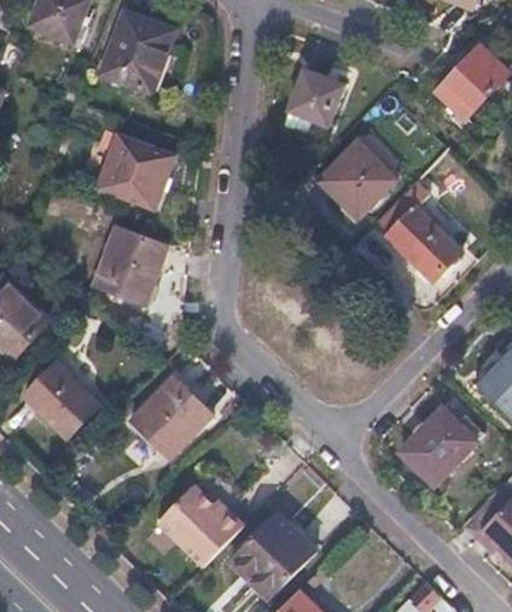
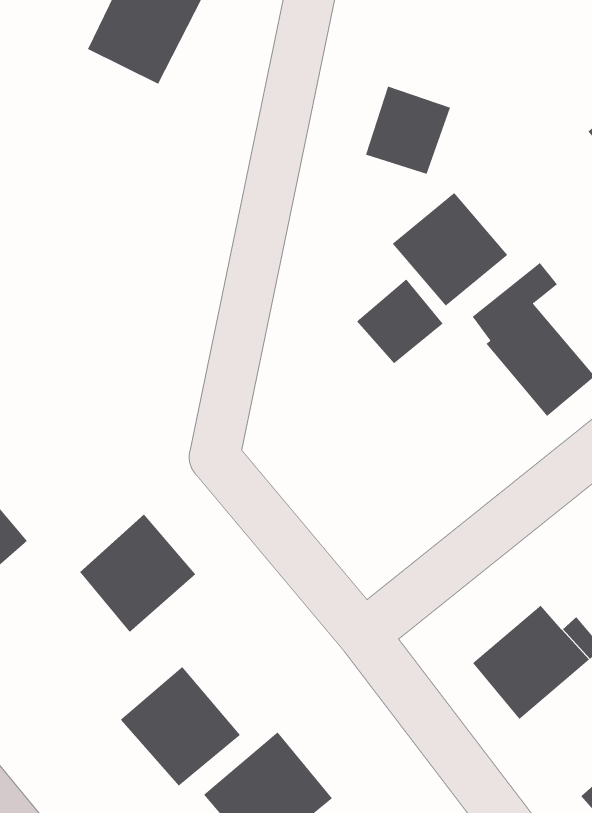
building: [97,136,173,210] -> none
building: none -> [356,278,443,364]
building: [88,227,159,303] -> none

